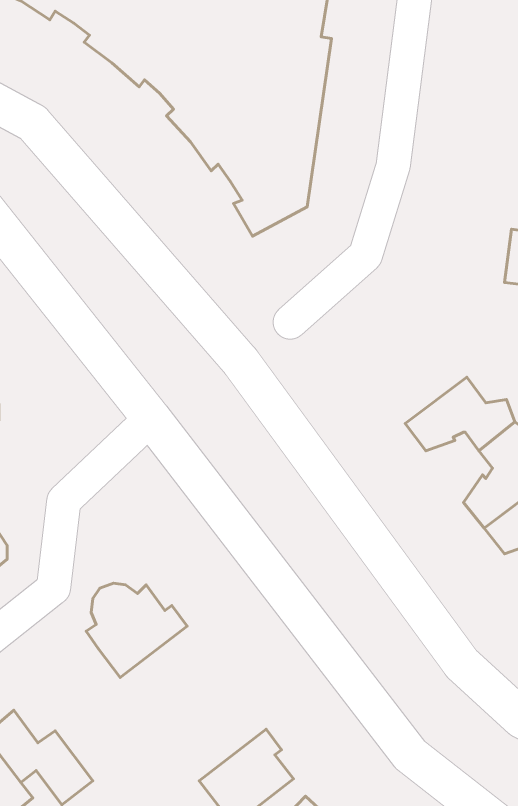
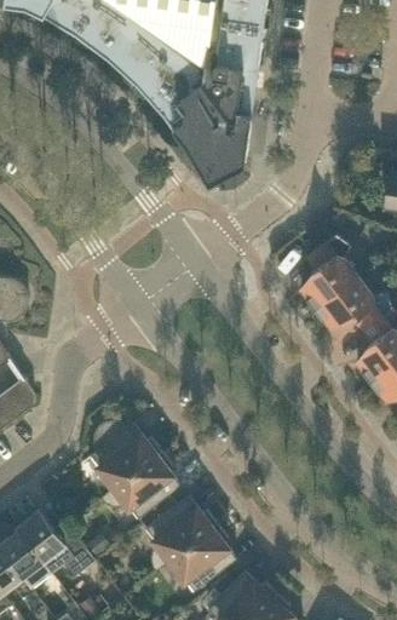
building: none -> [298,234,356,309]
building: none -> [98,452,178,518]
building: none -> [143,496,214,572]

